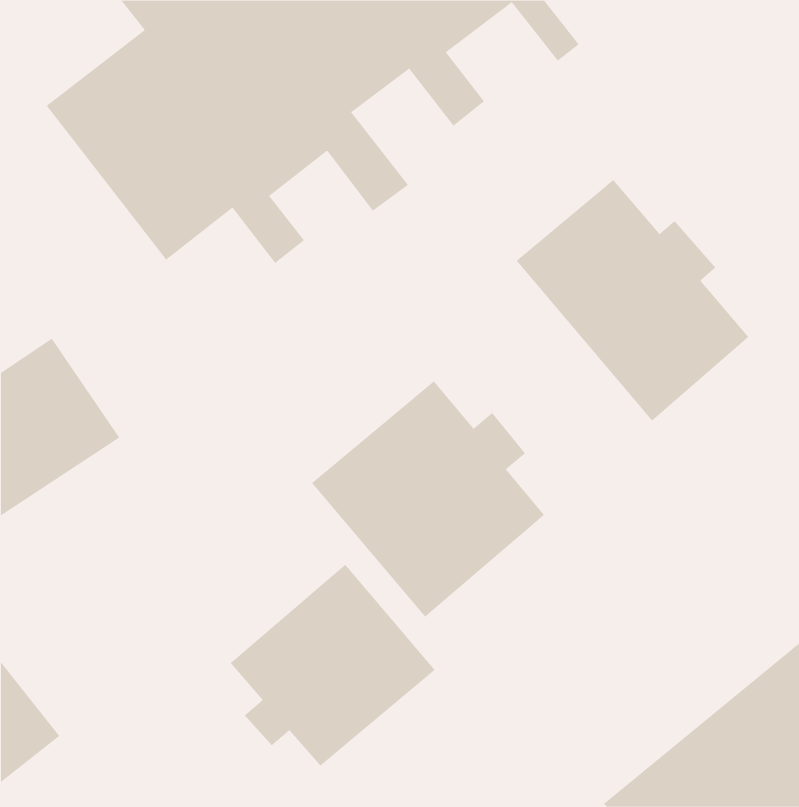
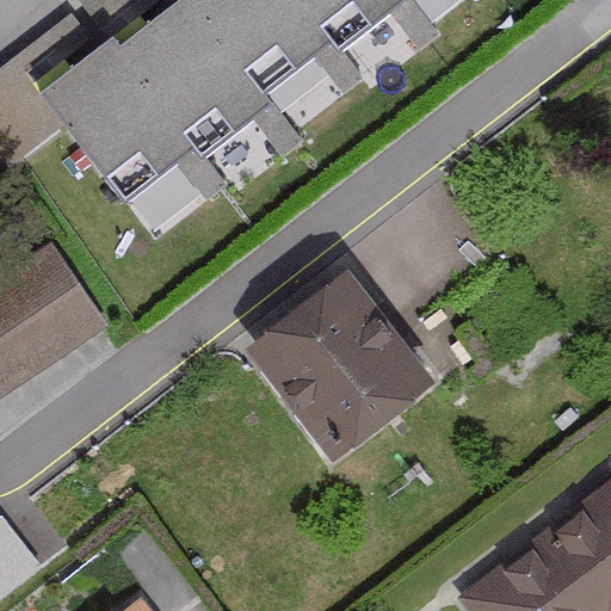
building: [516,179,749,421] -> none
building: [230,564,435,767] -> none

